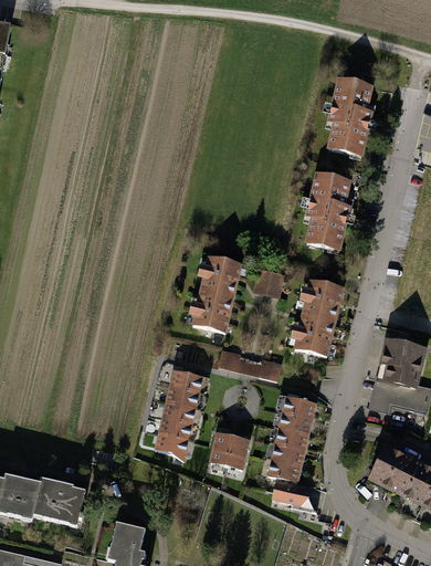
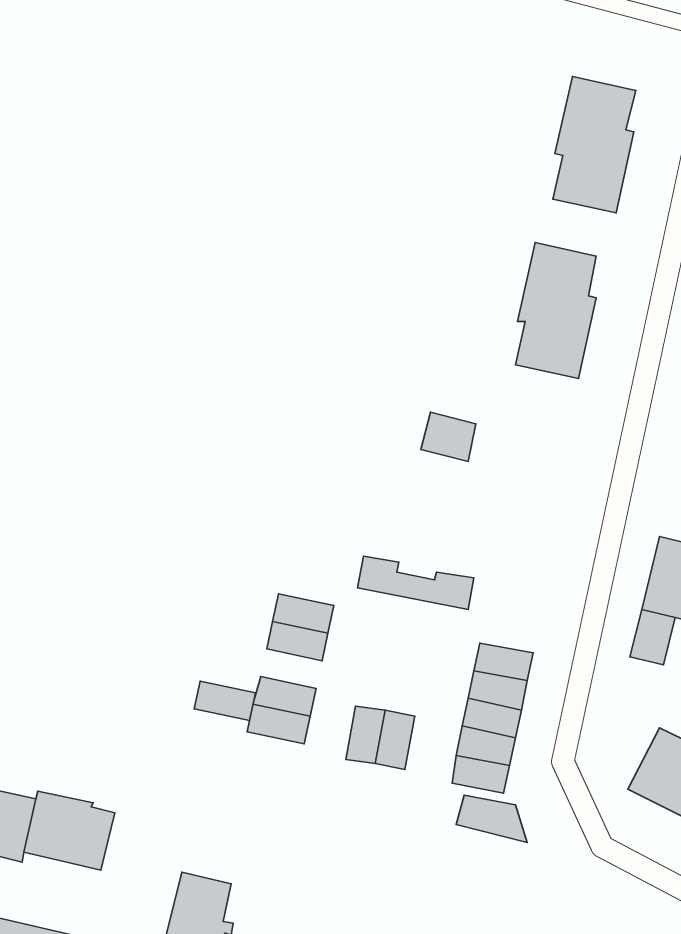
building: [190,254,241,329] -> none
building: [293,280,344,355] -> none
building: [162,400,197,422] -> [194,681,255,721]

